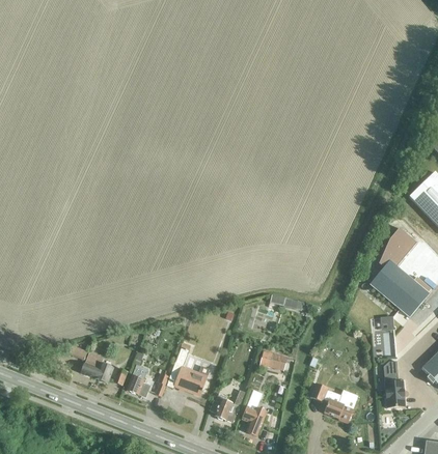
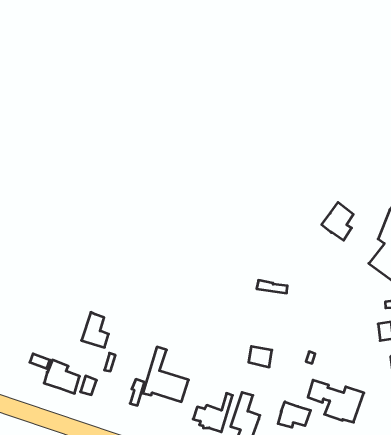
building: none -> [322,202,353,240]
building: [127,366,150,397] -> [81,312,109,347]
building: none -> [278,402,311,427]

